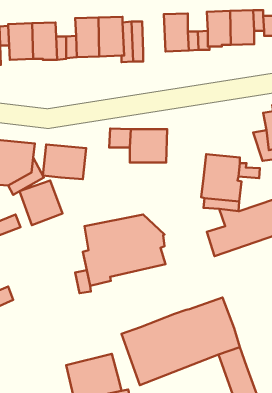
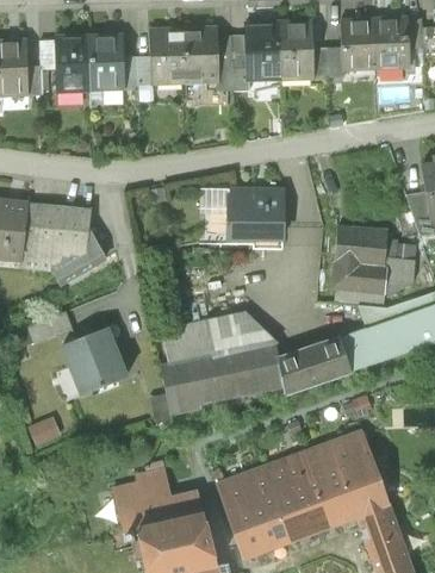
building: none -> [246,24,280,79]
building: [43,145,86,179] -> none
building: none -> [384,257,415,294]
building: [19,180,62,225] -> [63,329,125,393]
building: none -> [273,337,350,394]
building: none -> [112,467,203,541]

